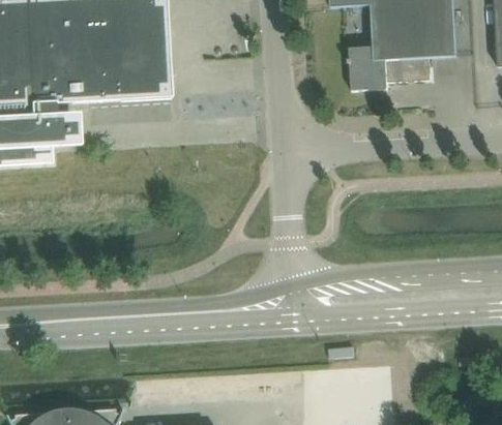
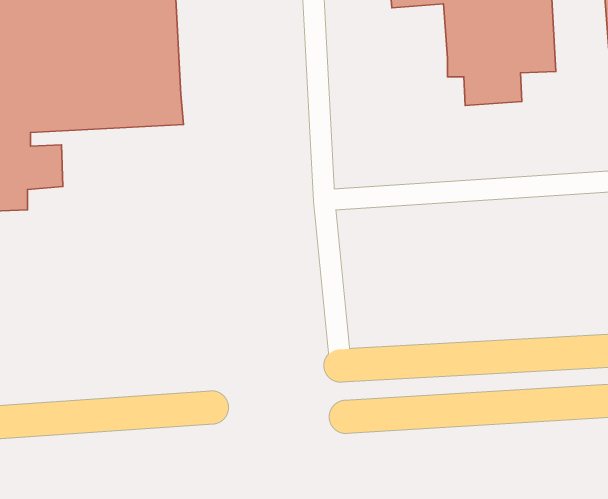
building: [348,48,388,92] -> none

